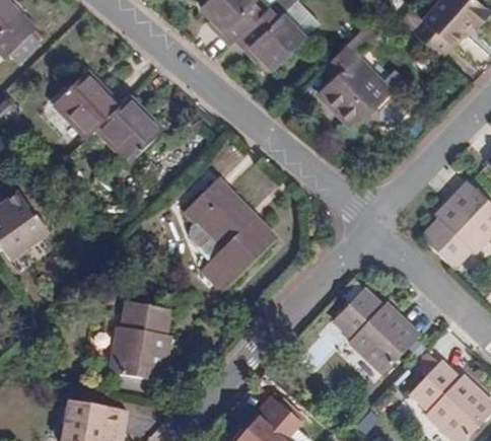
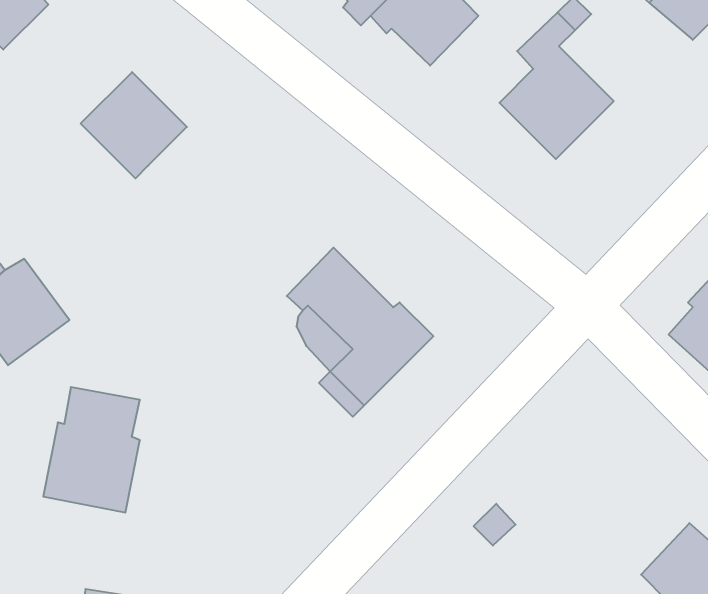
building: [99,99,164,165] -> none
building: [335,283,420,367] -> none
building: [101,297,162,376] -> [43,387,140,513]

